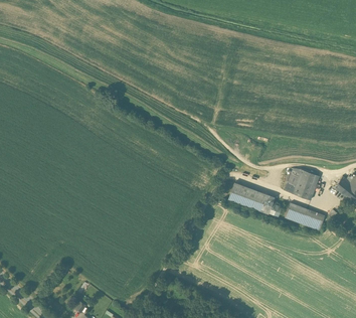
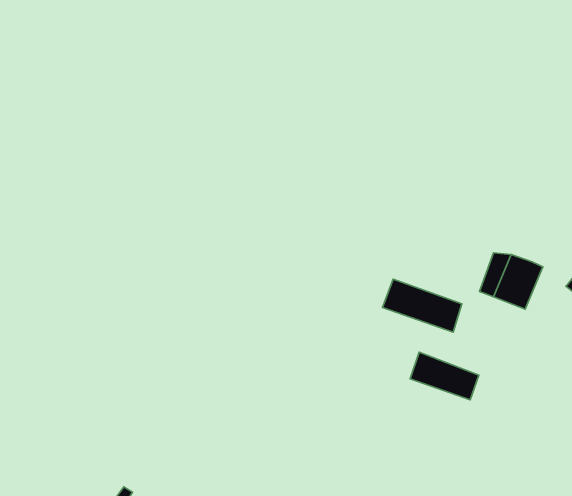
building: [286,202,325,229] -> [410,352,479,400]

